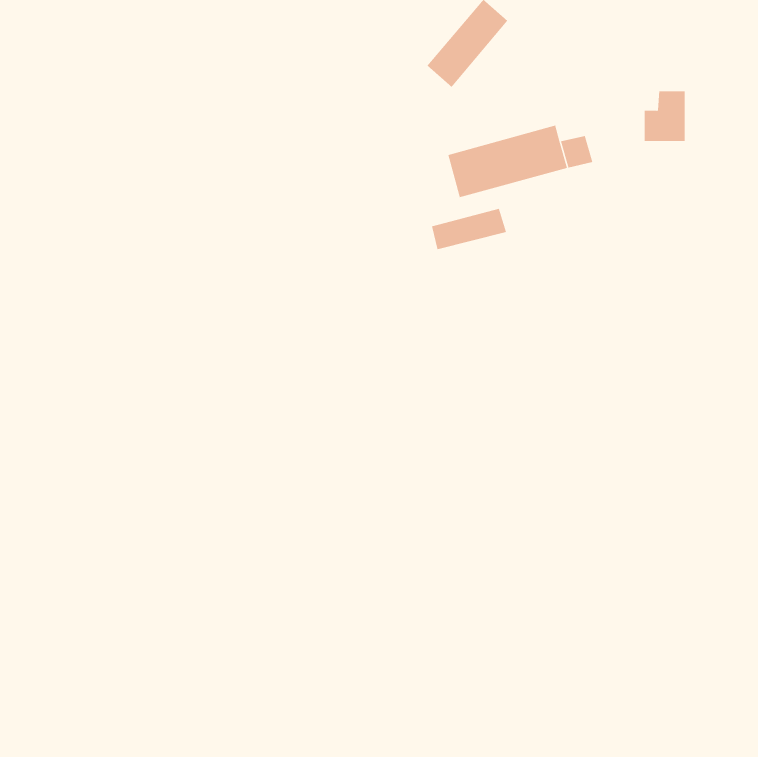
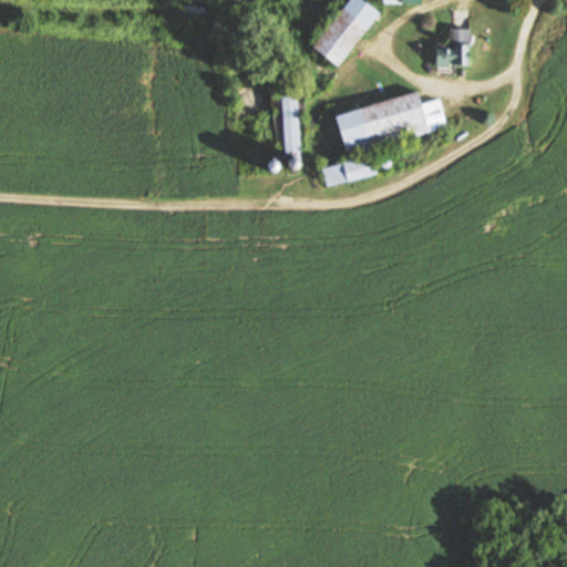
building: [644,91,685,142] -> [436,28,467,65]
building: none -> [282,97,301,150]

